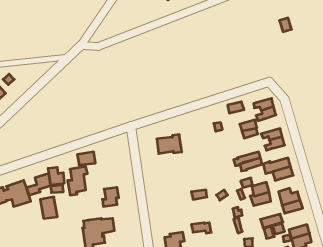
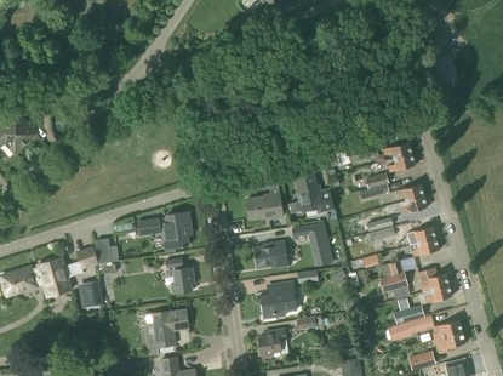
building: none -> [295,172,333,212]
building: none -> [292,224,332,266]
building: [68,167,87,195] -> [162,212,190,252]
building: none -> [255,241,287,267]
building: none -> [261,281,296,321]

